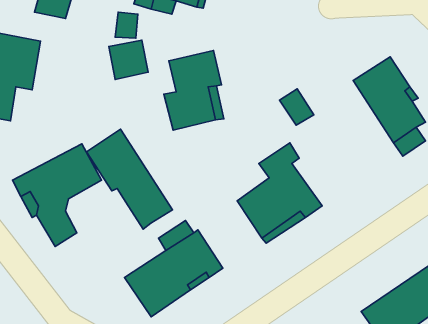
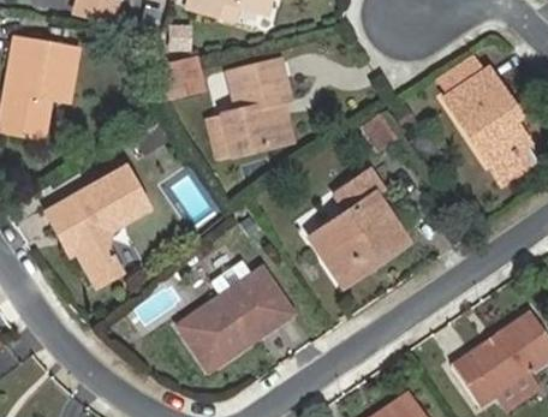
building: [87,129,173,229] -> none

